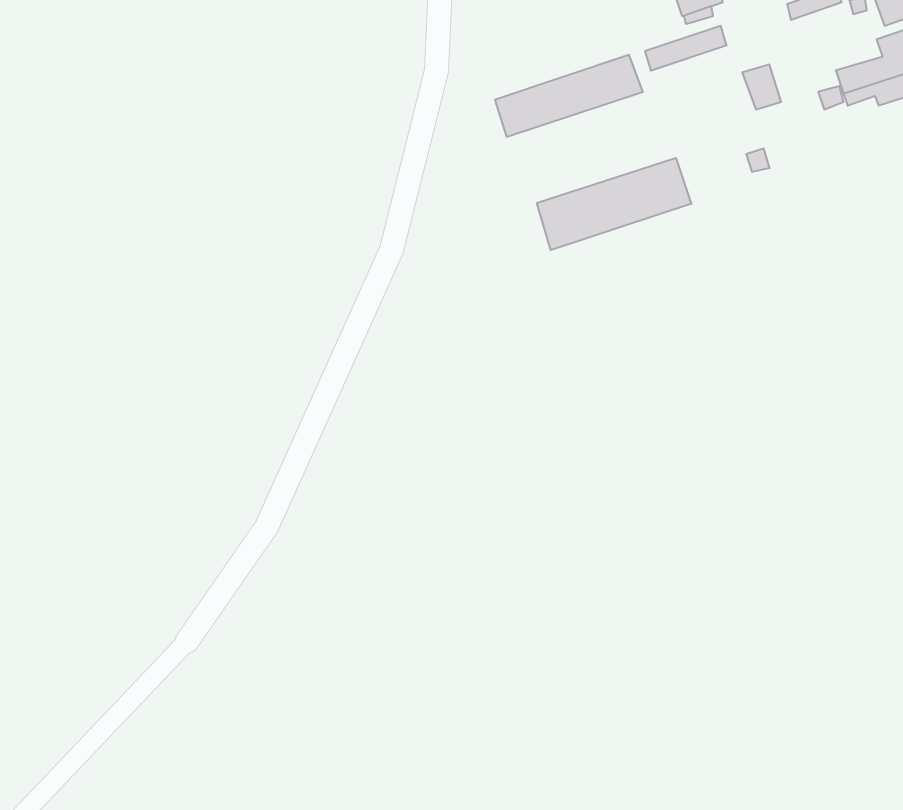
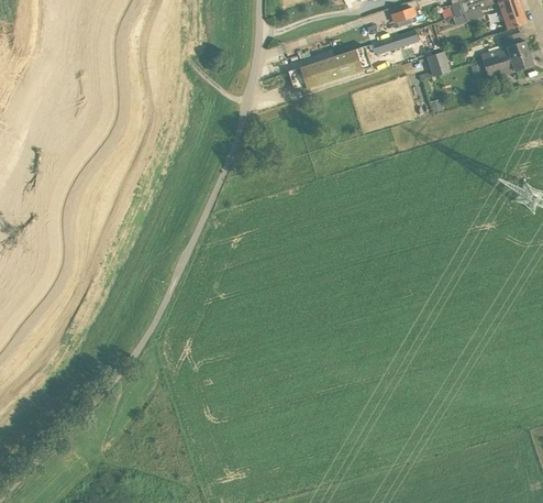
building: [537,158,691,250] -> none

